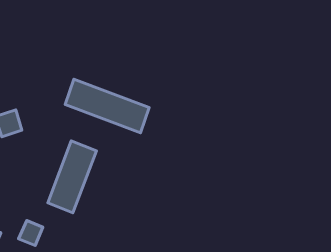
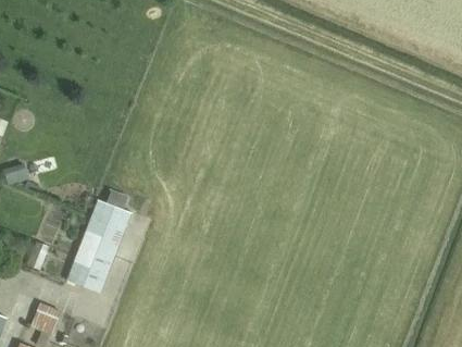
building: [65,79,149,133] -> none

